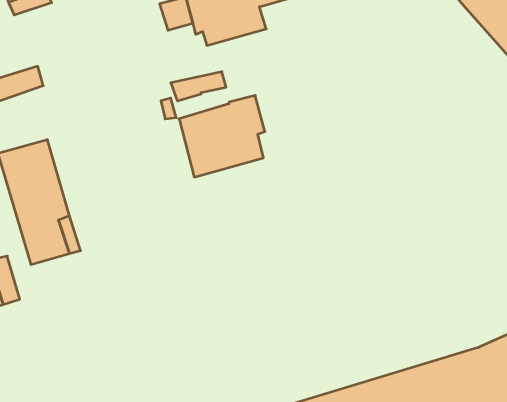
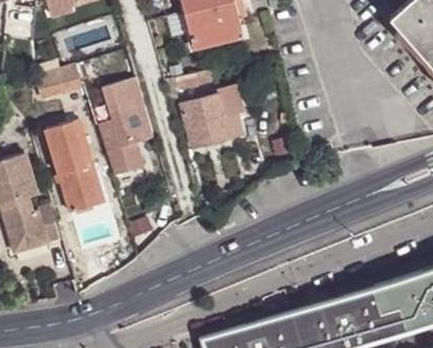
building: none -> [97,80,153,178]

